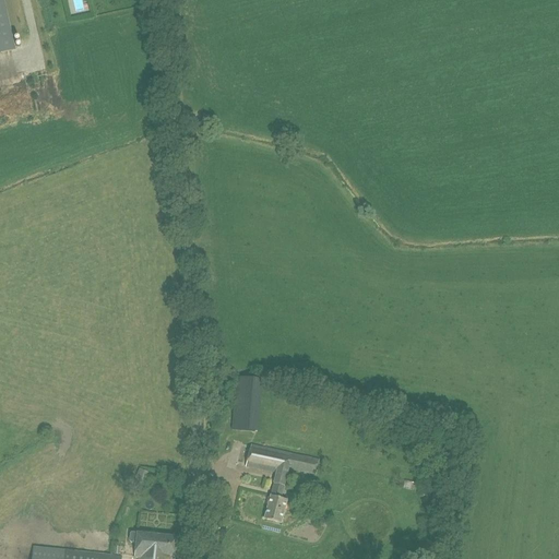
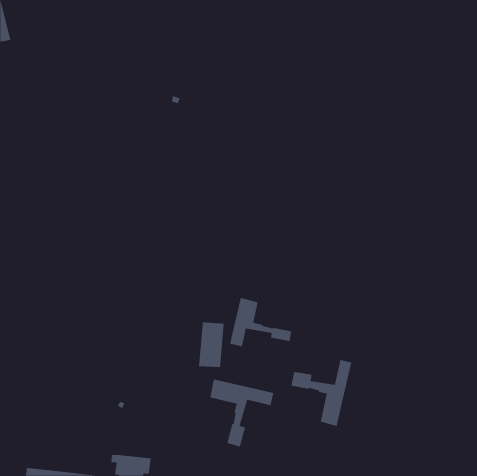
building: none -> [230,297,292,347]
building: none -> [291,359,352,427]

